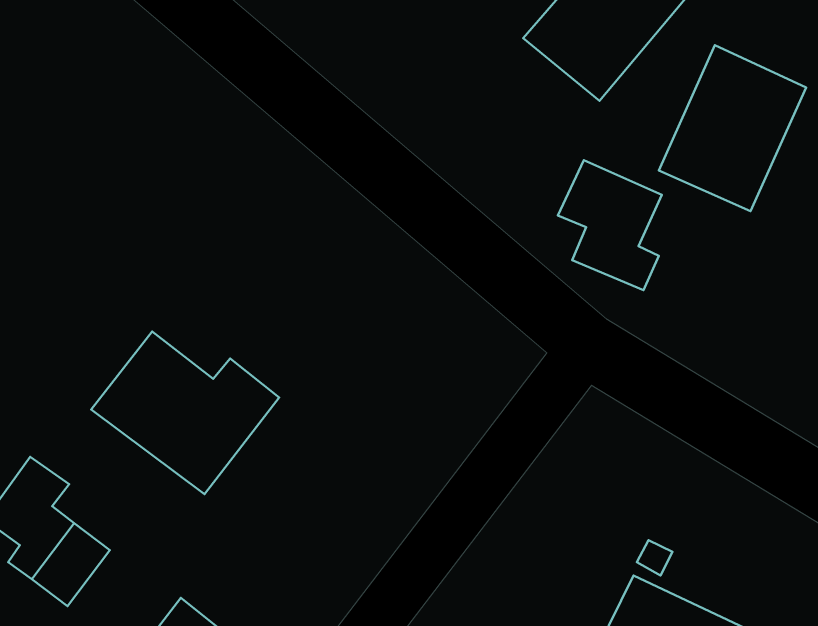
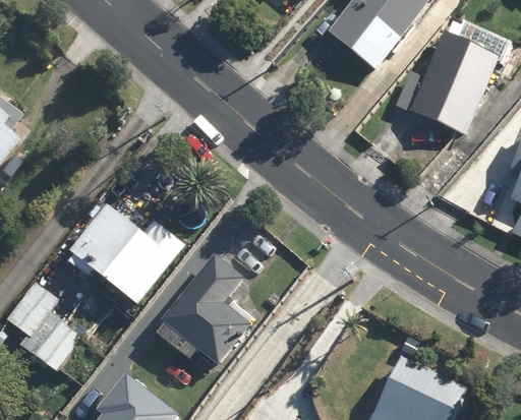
building: [558,160,662,290] -> none
building: none -> [158,248,251,360]

